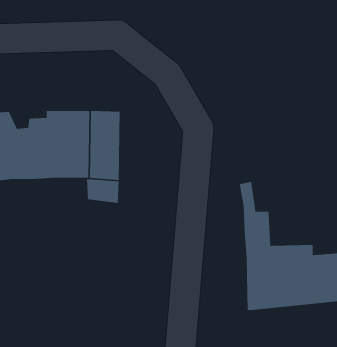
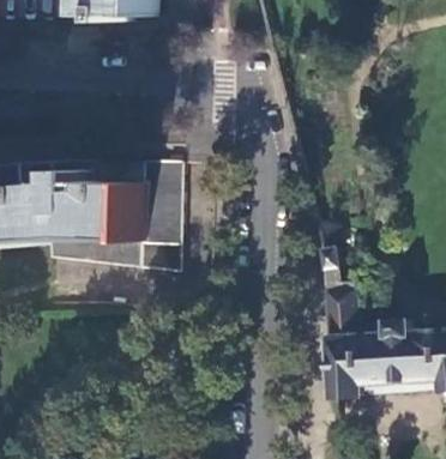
building: none -> [48,240,139,265]

